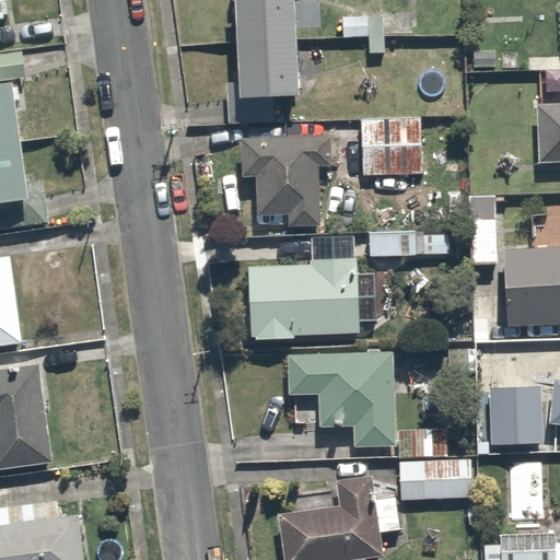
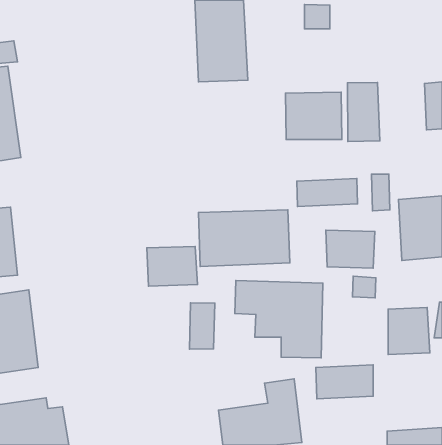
building: none -> [347,82,380,141]
building: [243,138,340,228] -> none
building: none -> [326,230,375,268]
building: none -> [147,246,198,286]
building: none -> [189,303,215,349]

